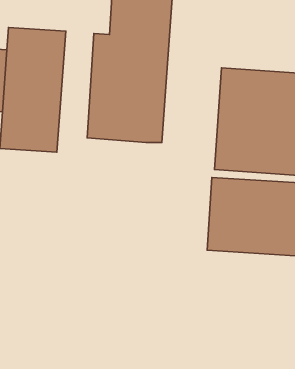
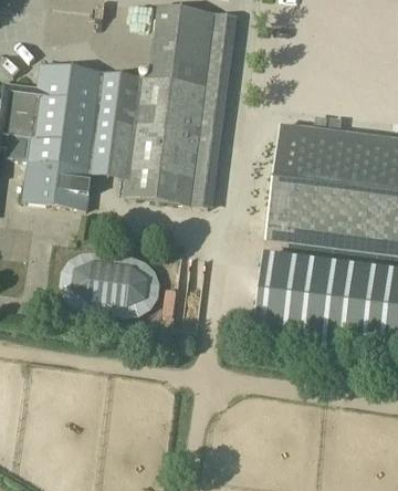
building: none -> [92,71,137,177]
building: none -> [61,253,158,315]

